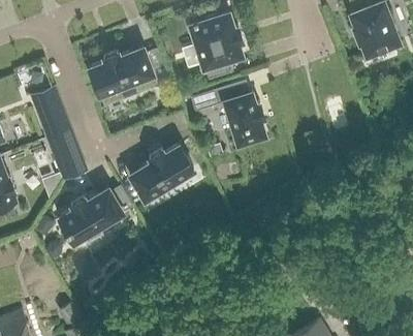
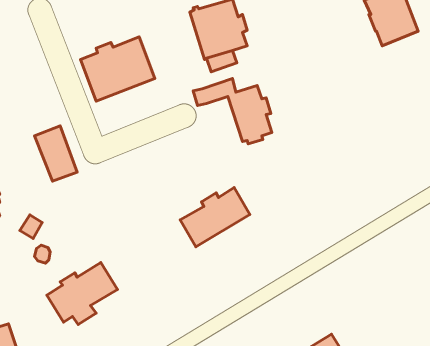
building: [32,87,71,139] -> none
building: [130,145,194,200] -> [180,187,250,247]
building: [59,188,124,245] -> [47,263,118,325]

